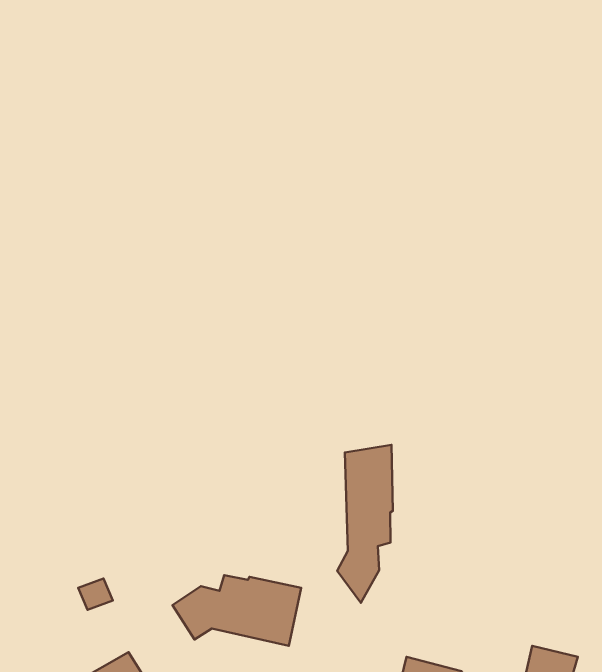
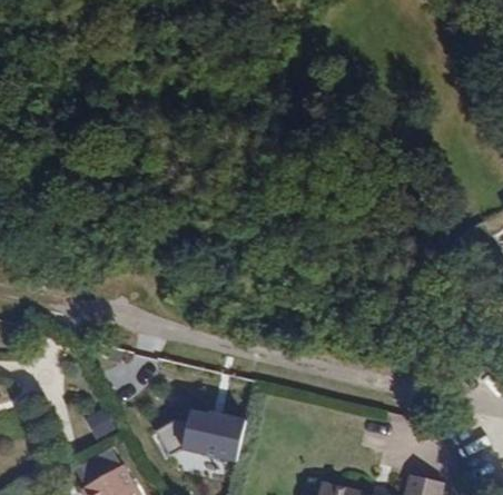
building: [337,445,393,603] -> none

